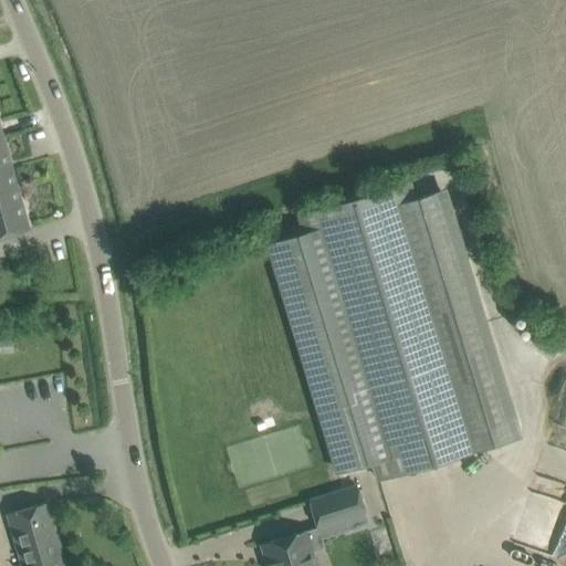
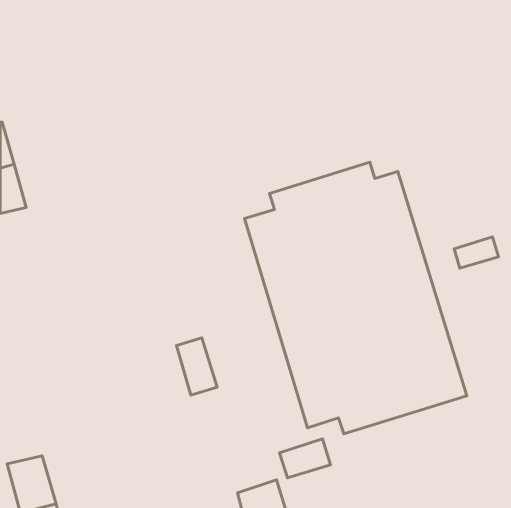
building: none -> [454,237,499,268]
building: none -> [176,338,217,395]

